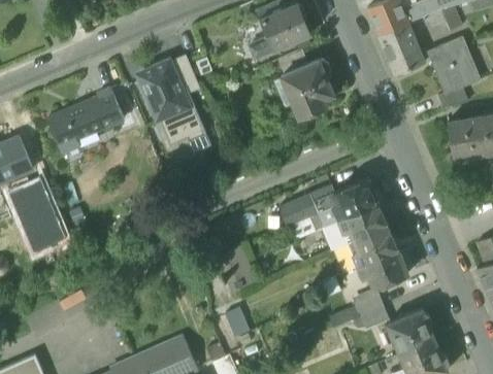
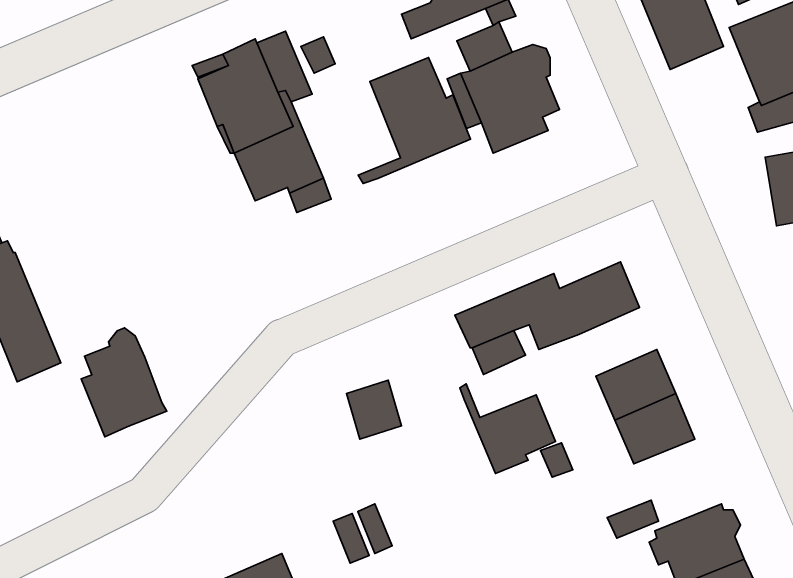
building: none -> [358,57,471,184]
building: [46,89,123,151] -> none
building: [344,204,387,241] -> none
building: none -> [81,328,167,437]
building: none -> [460,384,555,473]
building: [349,288,384,318] -> none

